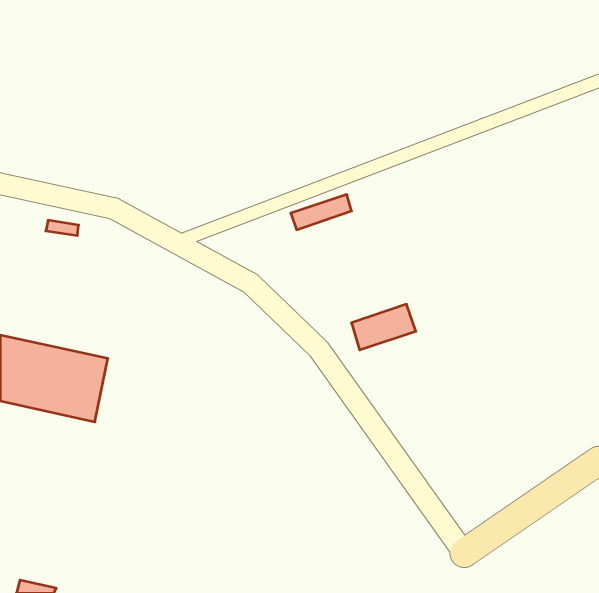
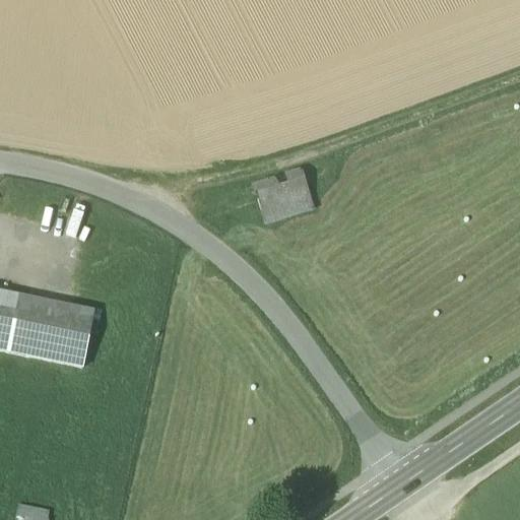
building: [351,304,416,350] -> [257,183,313,222]

